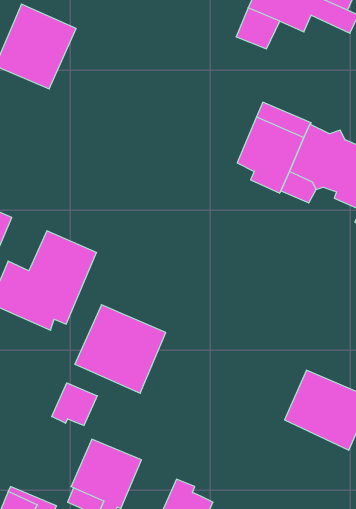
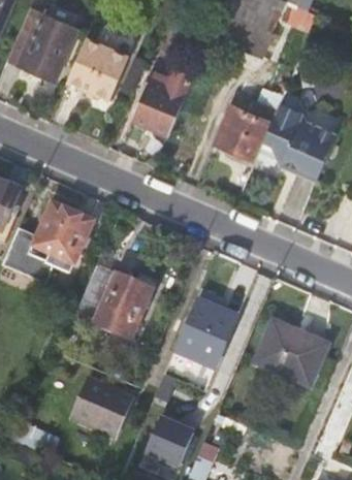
building: none -> [67,37,128,99]
building: none -> [131,66,193,133]
building: none -> [174,298,237,367]
building: [52,383,97,426] -> none

